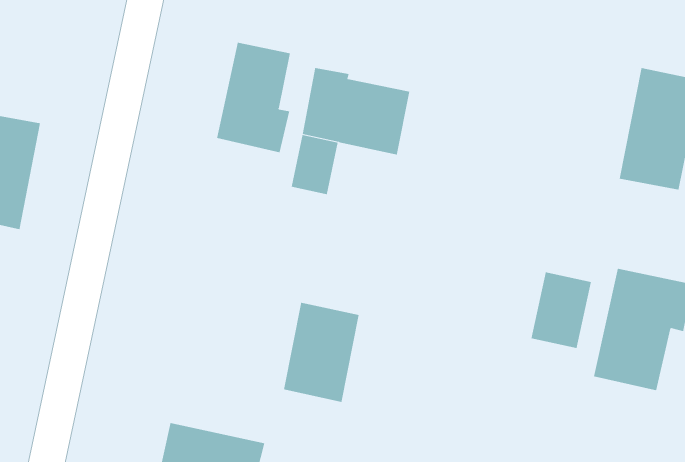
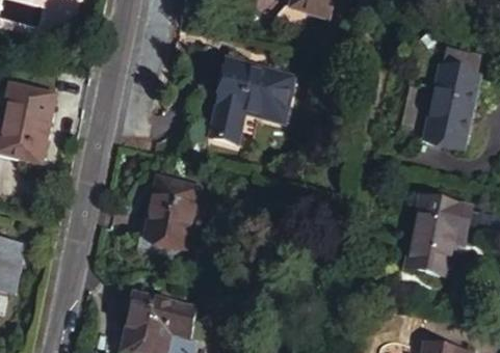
building: [217,42,291,153] -> none
building: [531,272,592,349] -> none
building: [283,302,360,402] -> [143,179,193,244]

